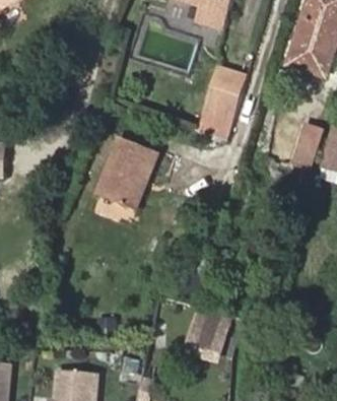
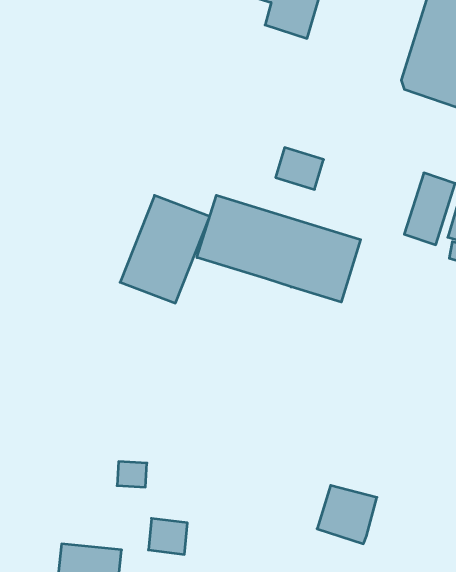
building: [208,67,246,112] -> none
building: none -> [197,195,361,302]
building: [189,307,229,346] -> [317,485,377,544]

